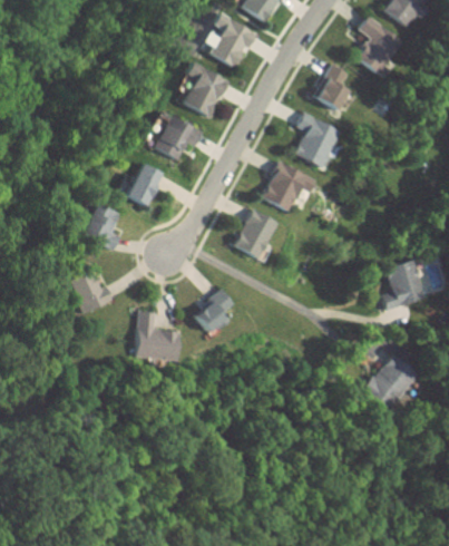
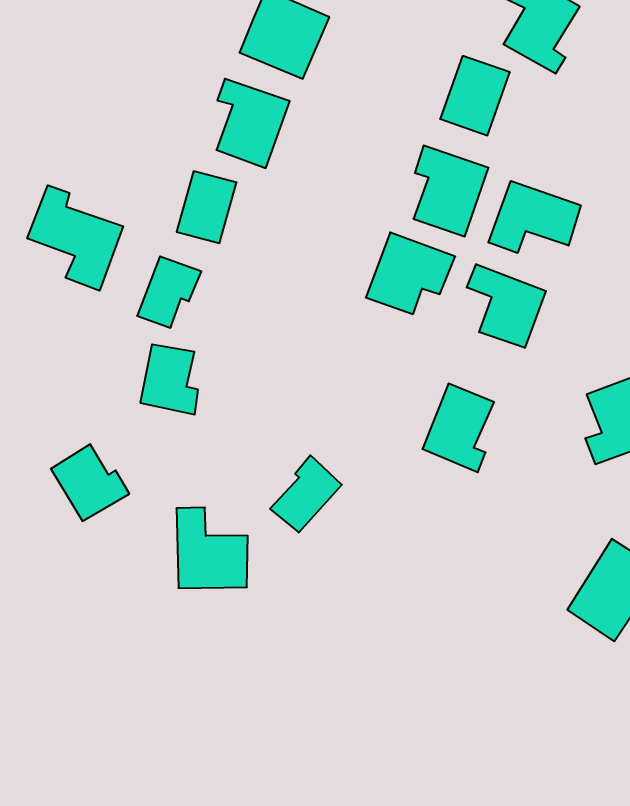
building: none -> [27,185,123,291]
building: none -> [488,181,581,253]
building: none -> [467,264,546,348]
building: [85,204,119,247] -> [140,344,198,415]
building: [233,208,277,262] -> [422,384,494,472]

